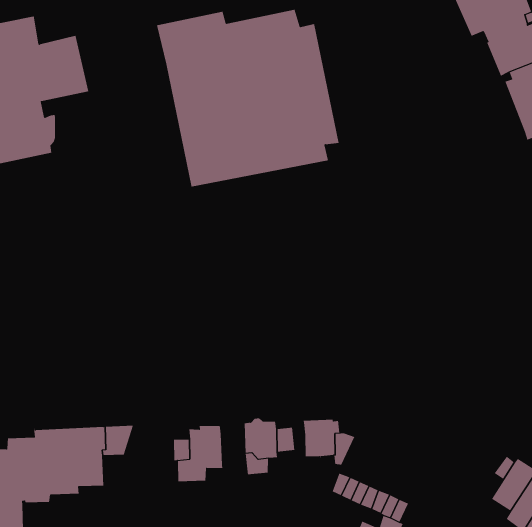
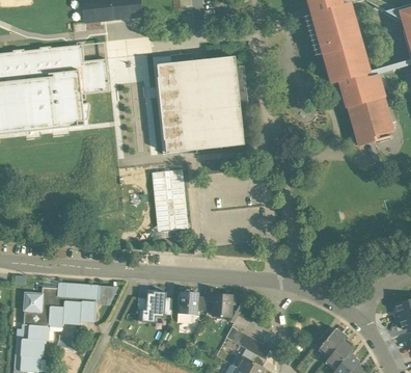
building: none -> [152,171,188,233]

